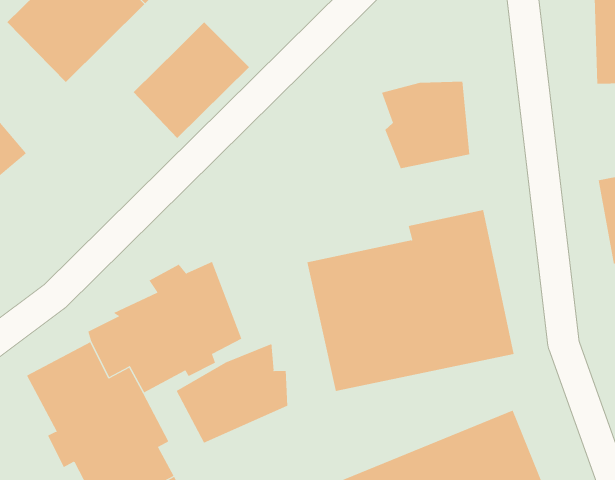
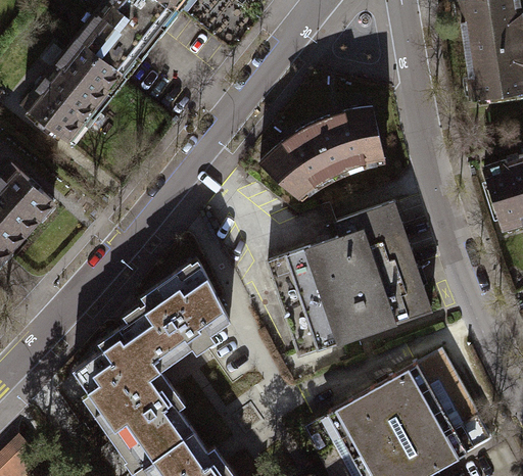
building: [133,22,250,139] -> none
building: none -> [258,126,331,202]
building: [176,343,288,444] -> none

